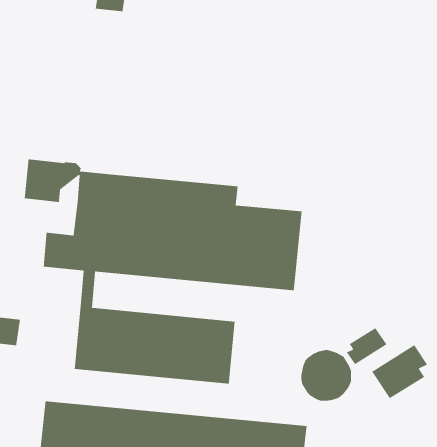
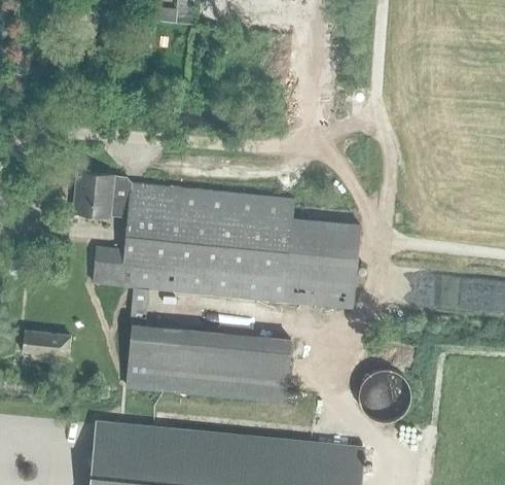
building: [346,327,388,365] -> none
building: [371,344,428,399] -> none

